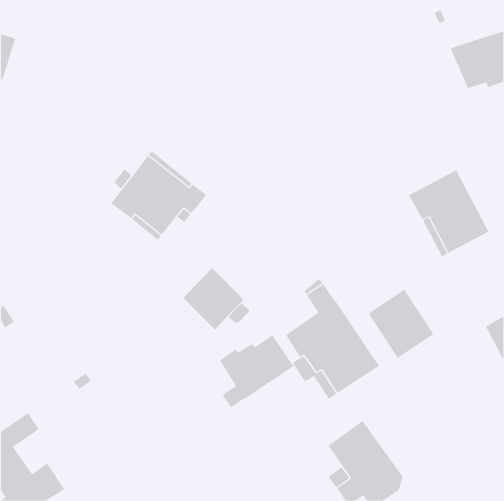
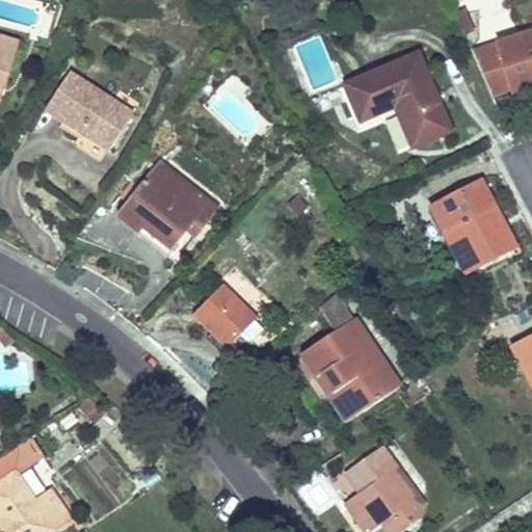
building: none -> [345,52,451,144]
building: none -> [45,71,133,149]
building: [368,289,434,359] -> none
building: [219,335,294,408] -> none

